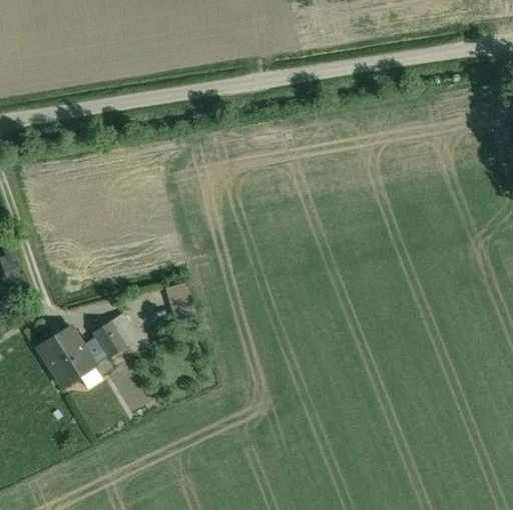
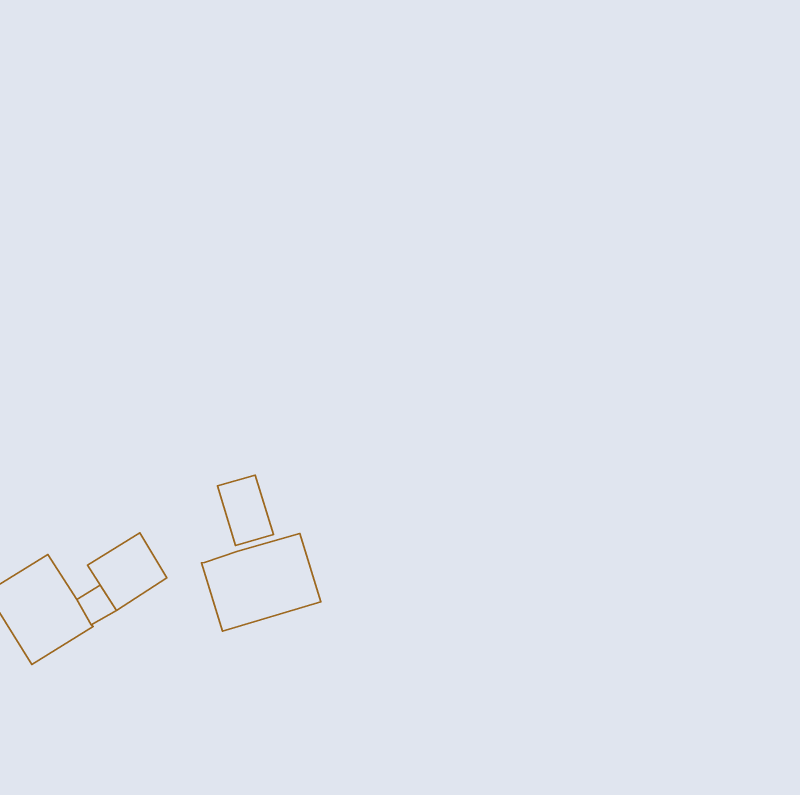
building: none -> [202,533,321,631]

